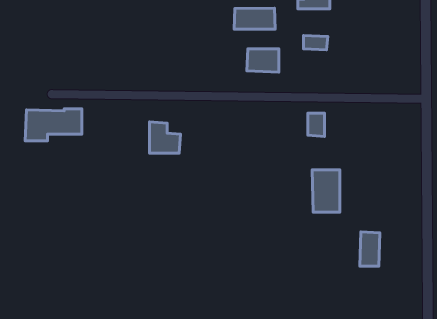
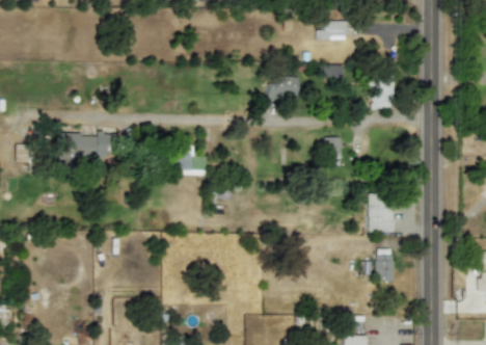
building: [234,8,275,29] -> none
building: none -> [371,77,394,108]
building: [312,170,340,212] -> [367,193,393,233]

